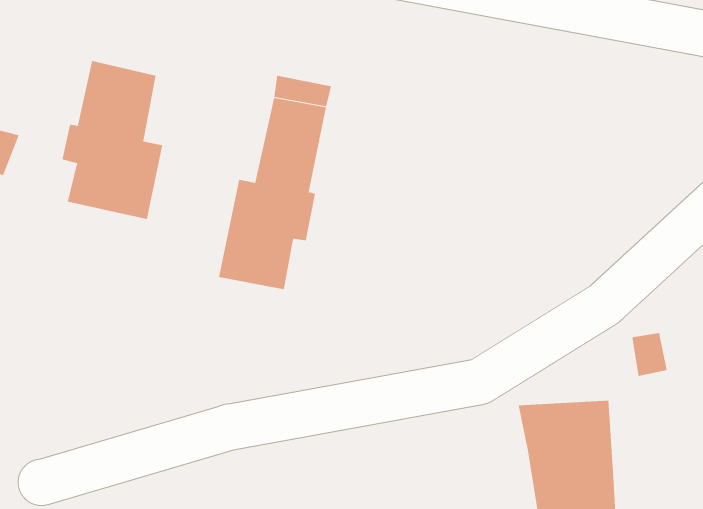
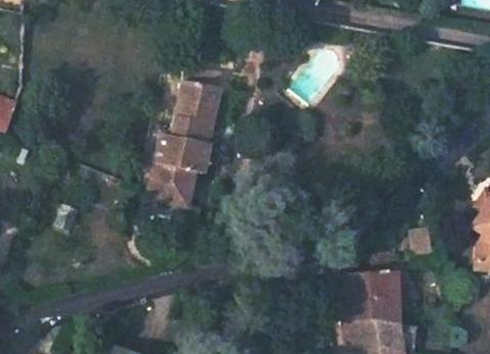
building: [62,60,163,220] -> none

